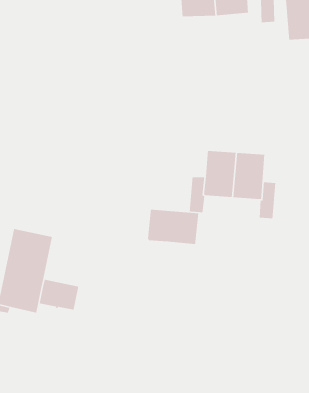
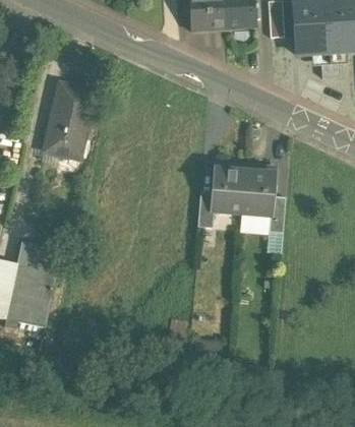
building: none -> [45,82,94,158]
building: [147,209,199,245] -> none
building: [39,279,79,310] -> none

